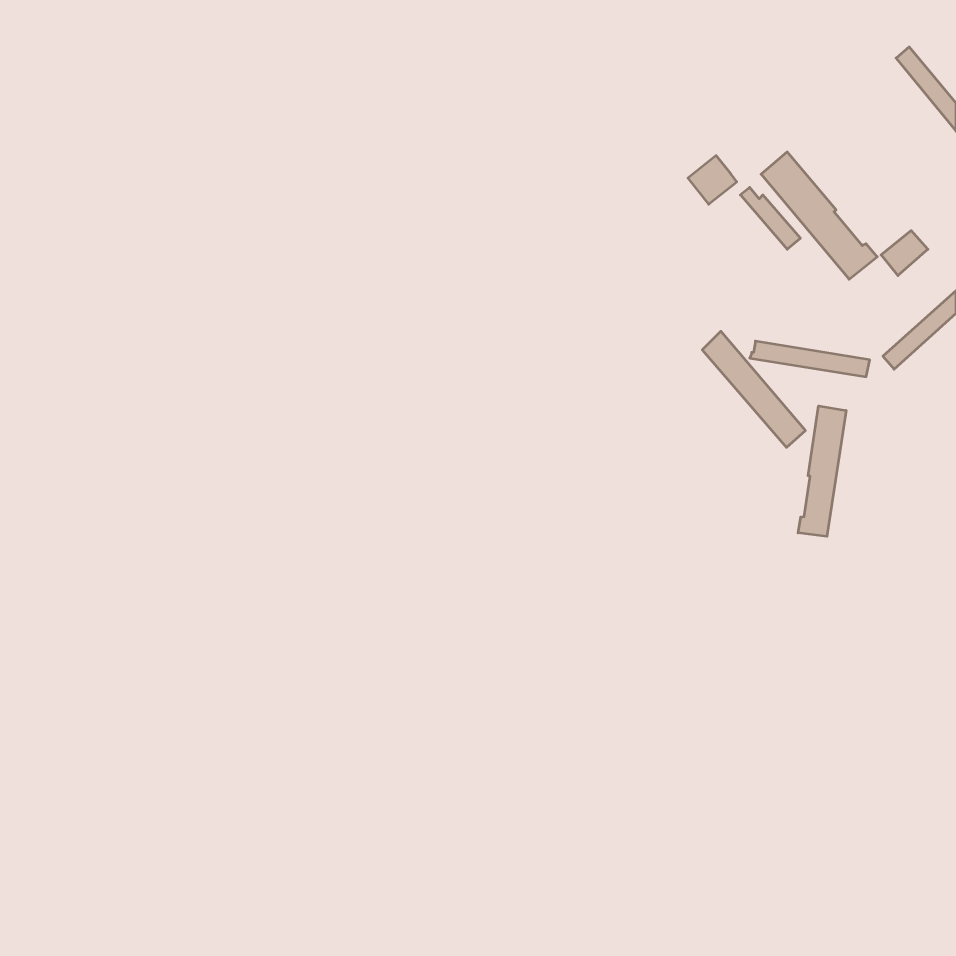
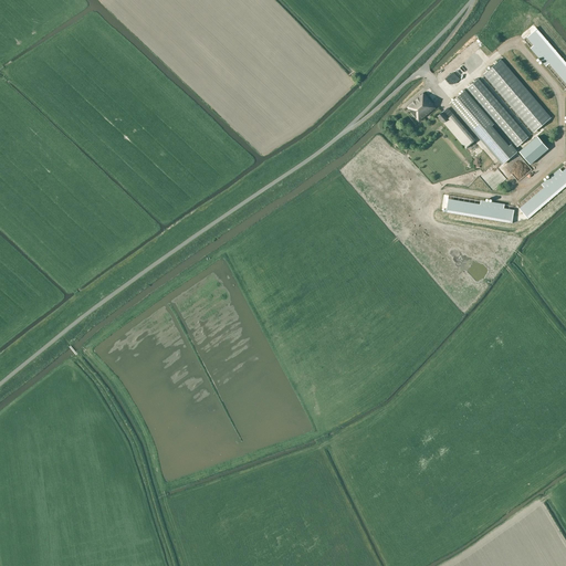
building: none -> [482,59,549,132]
building: [702,331,805,447] -> [467,77,527,146]
building: [798,406,846,536] -> none

